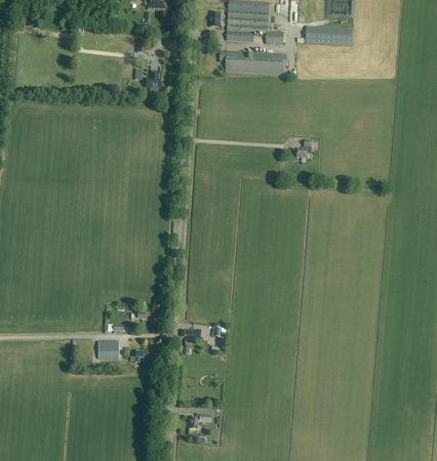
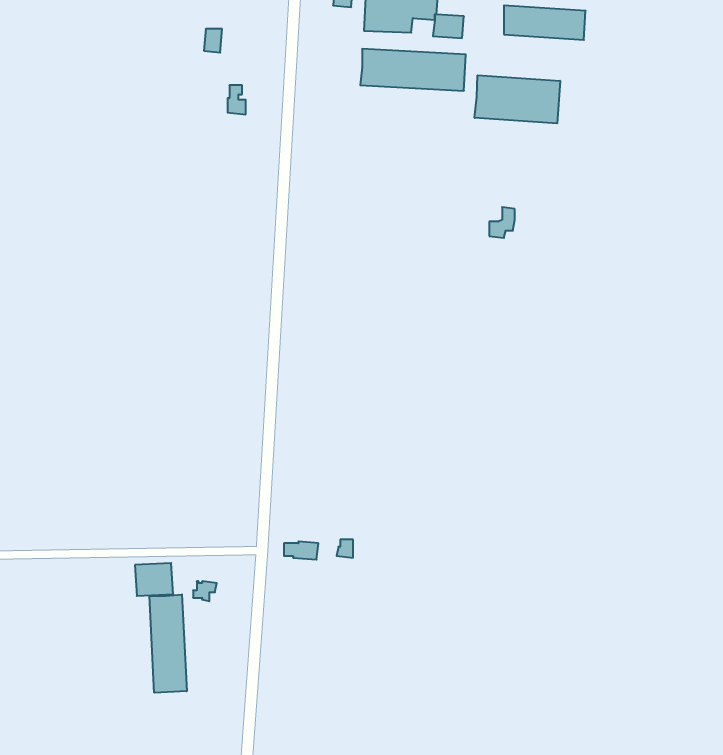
building: none -> [475,75,560,123]
building: none -> [149,594,187,693]

